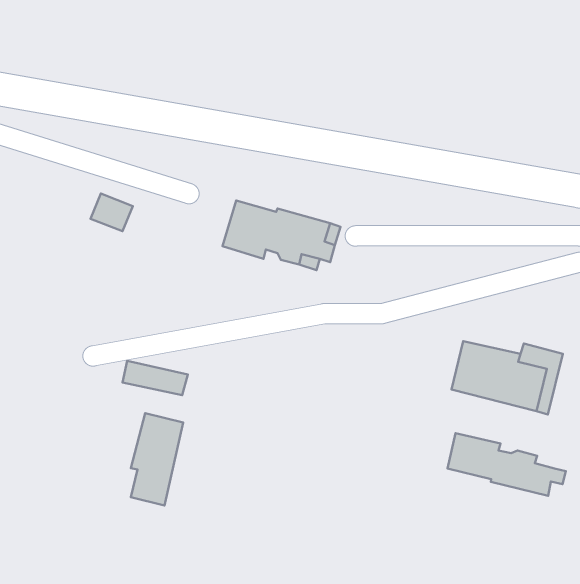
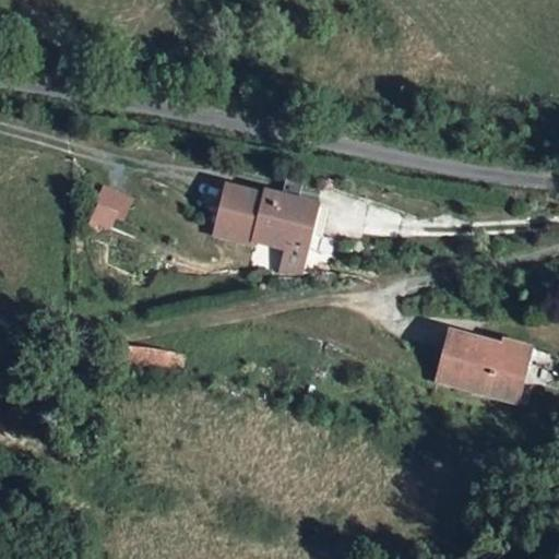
building: [131,413,183,505] -> none
building: [448,433,566,496] -> none

